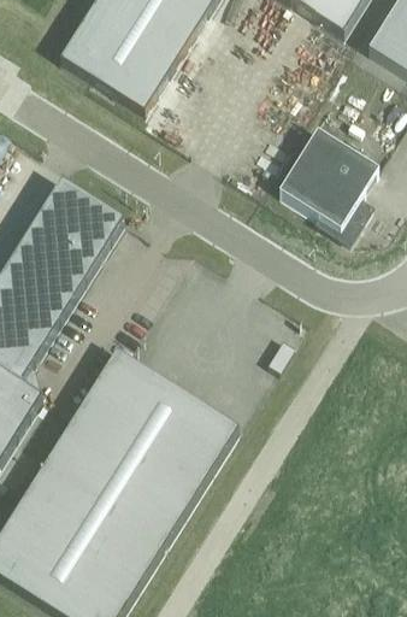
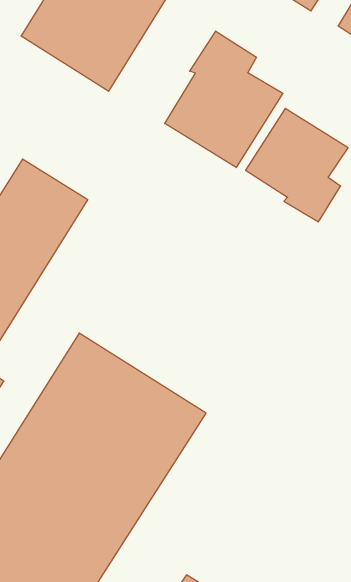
building: none -> [165,31,283,168]

